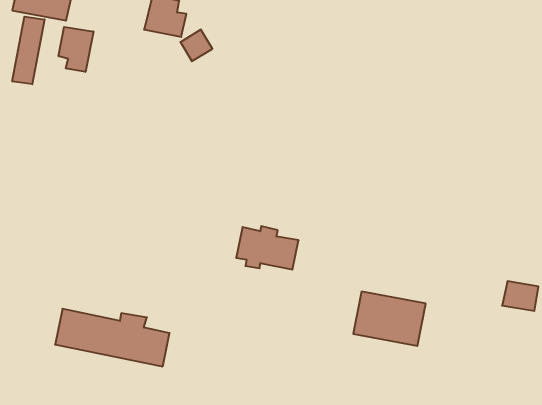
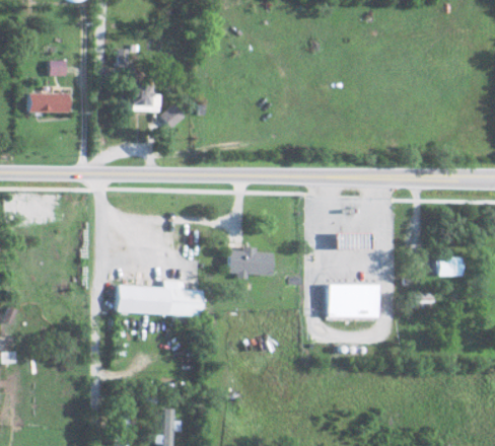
building: [12,17,45,84] -> none
building: [59,27,93,72] -> none
building: [55,309,170,366] -> [117,281,203,316]

